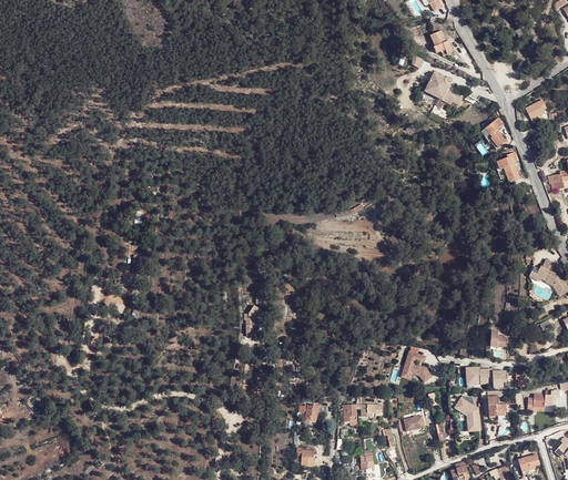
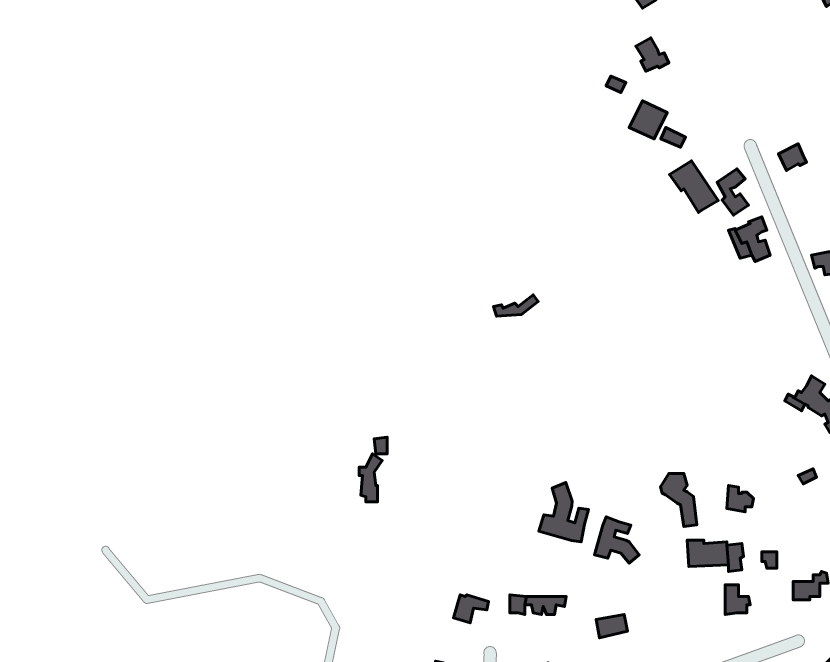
building: none -> [670,161,718,212]
building: none -> [539,482,589,542]
building: [455,396,479,431] -> [661,473,697,526]

